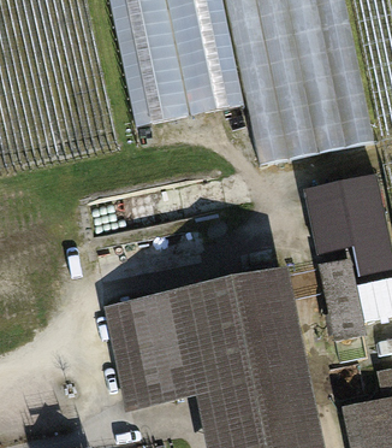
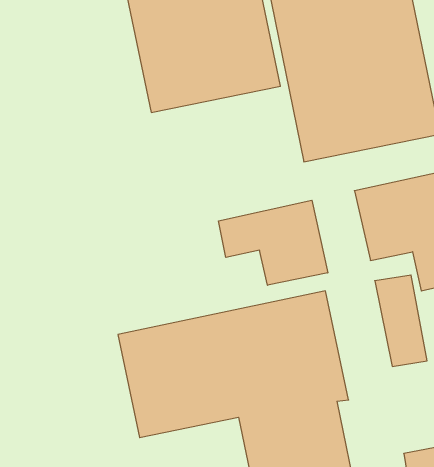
building: none -> [219,200,328,285]

